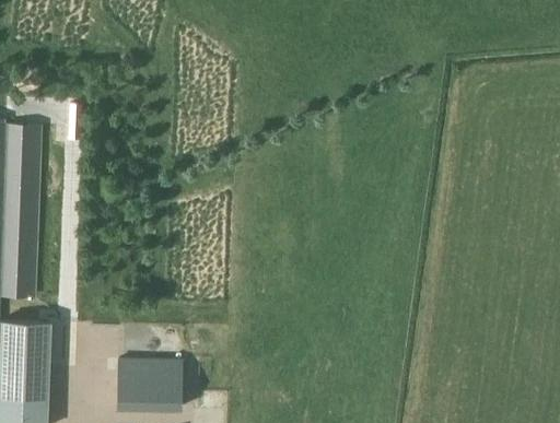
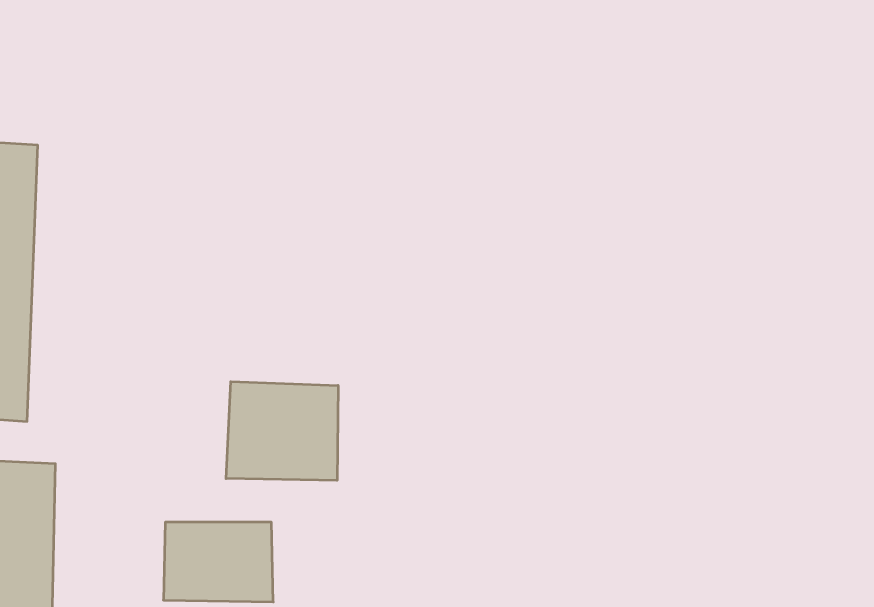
building: none -> [226,382,338,480]

